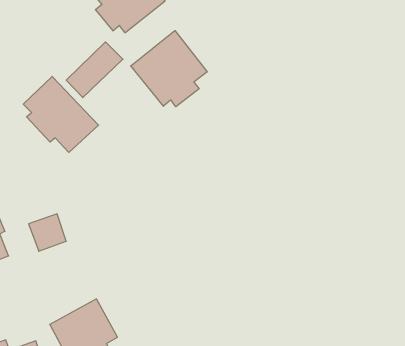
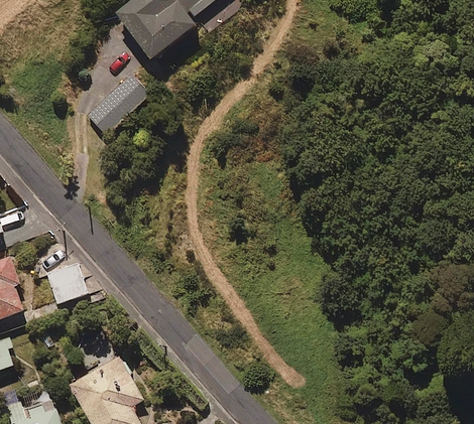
building: [131,31,207,107] -> none
building: [23,76,99,152] -> none

